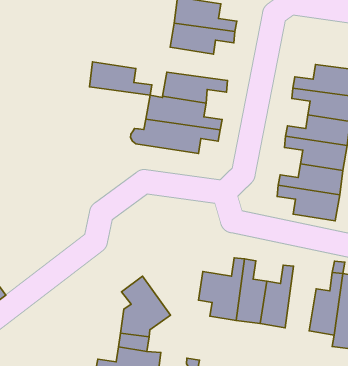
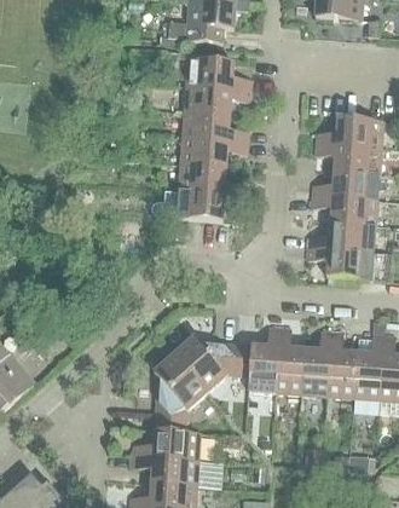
building: [89,62,152,95] -> [183,111,248,142]
building: none -> [174,335,237,392]
building: none -> [328,330,357,397]

